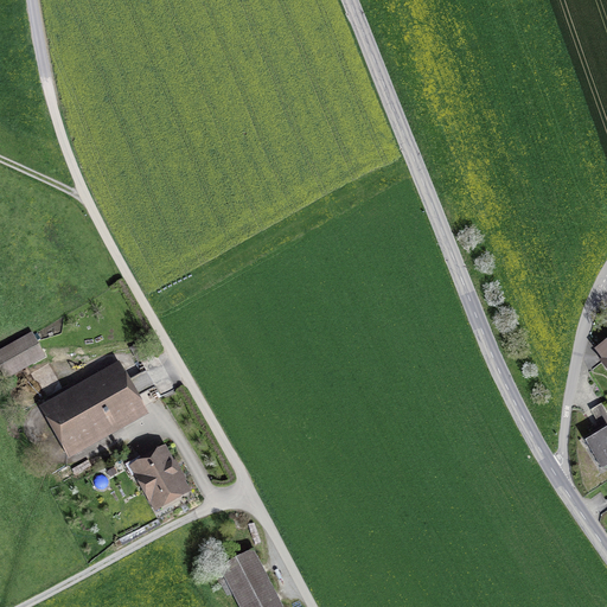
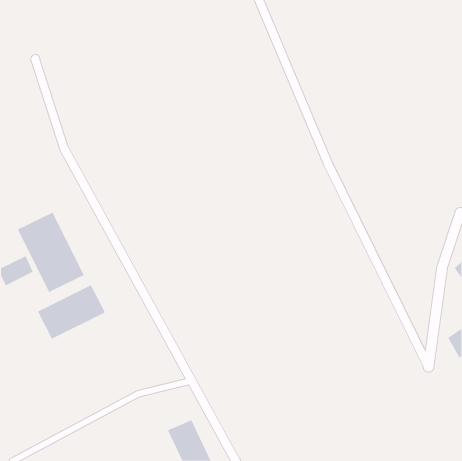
building: none -> [17,212,84,293]
building: [136,448,186,504] -> none

